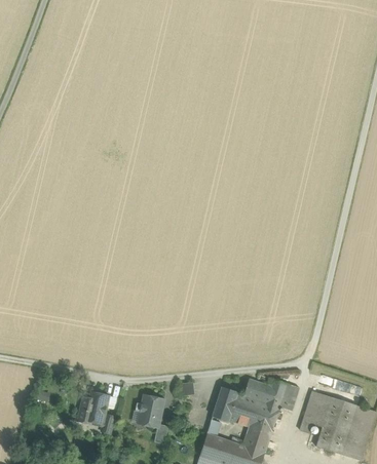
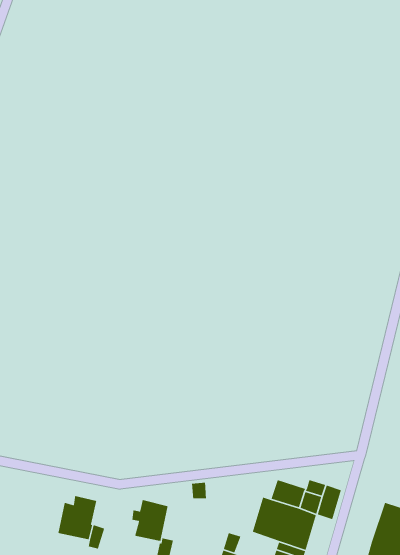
building: [213,386,237,421] -> none
building: [300,391,332,433] -> none

